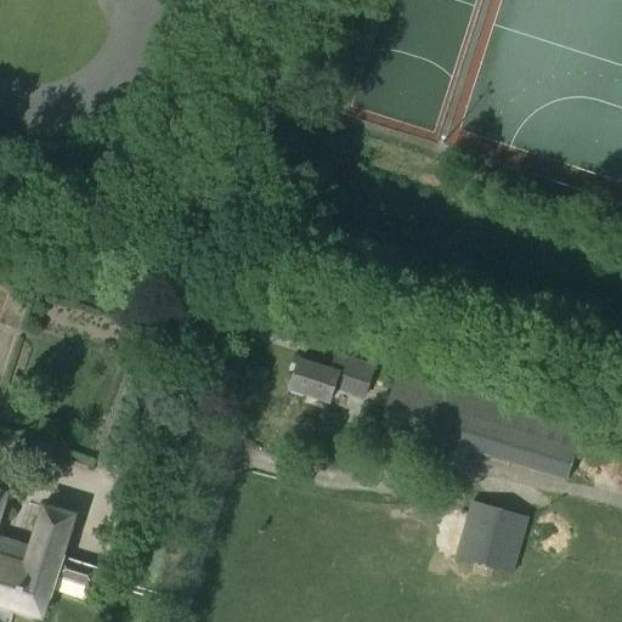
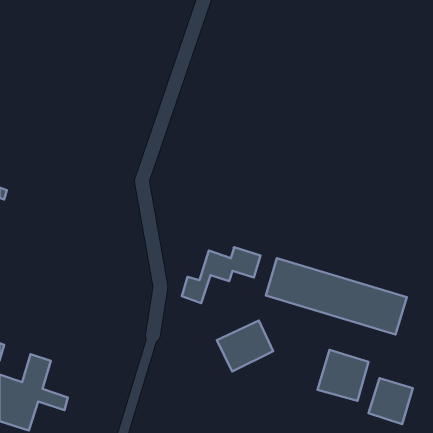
building: none -> [217,320,273,371]
building: none -> [369,378,413,424]

